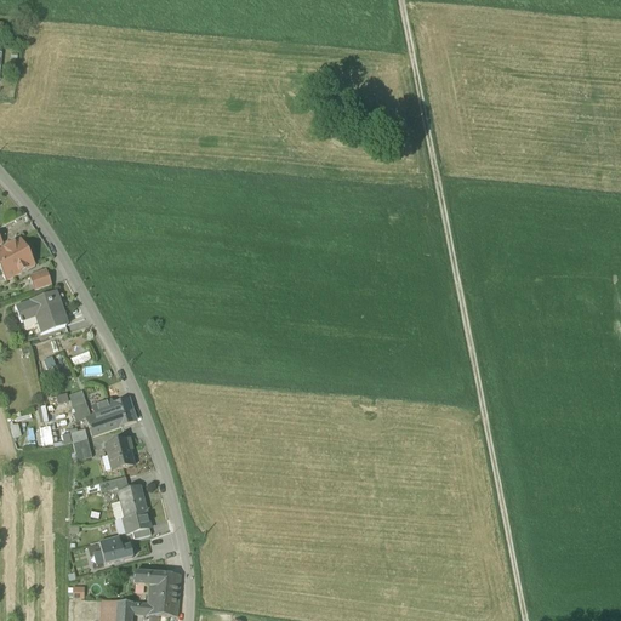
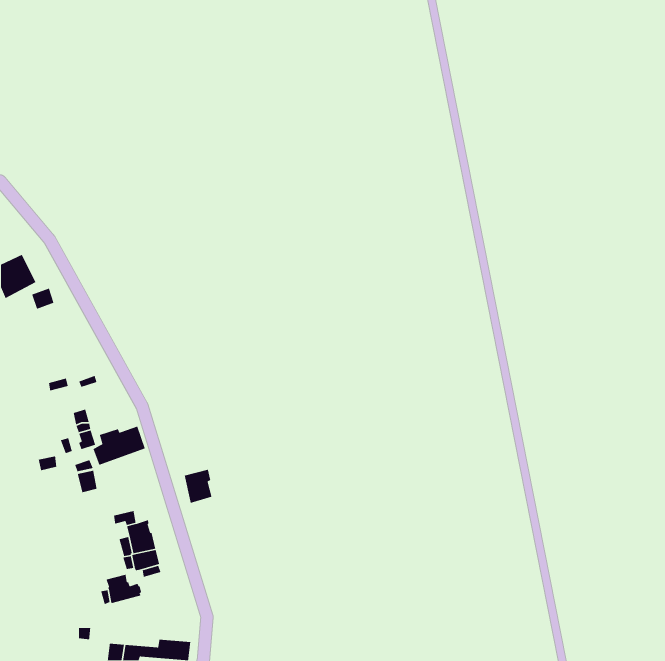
building: [15,290,65,331] -> none
building: [106,437,132,469] -> [184,469,212,504]
building: [132,570,180,598] -> none

